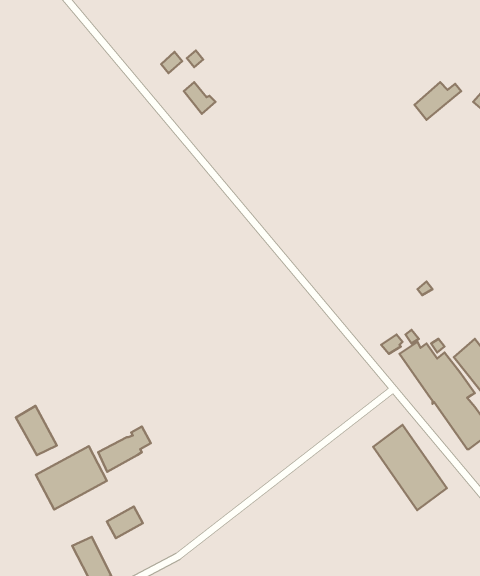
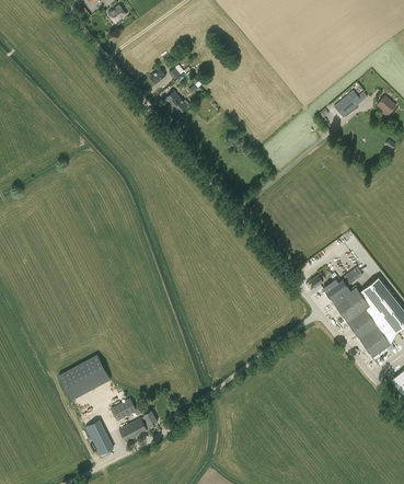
building: [16,406,57,455] -> none
building: [373,425,447,510] -> none
building: [98,426,151,472] -> [119,410,158,442]

